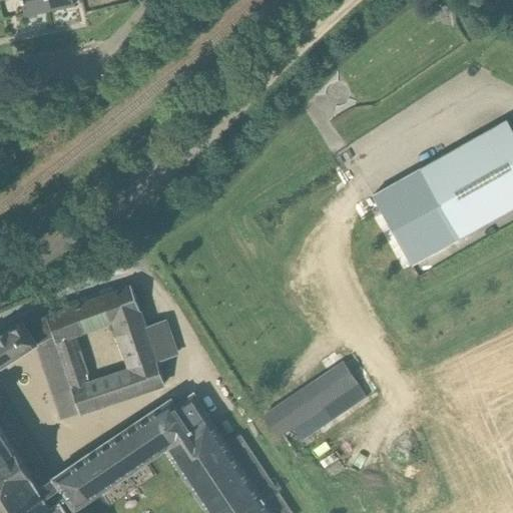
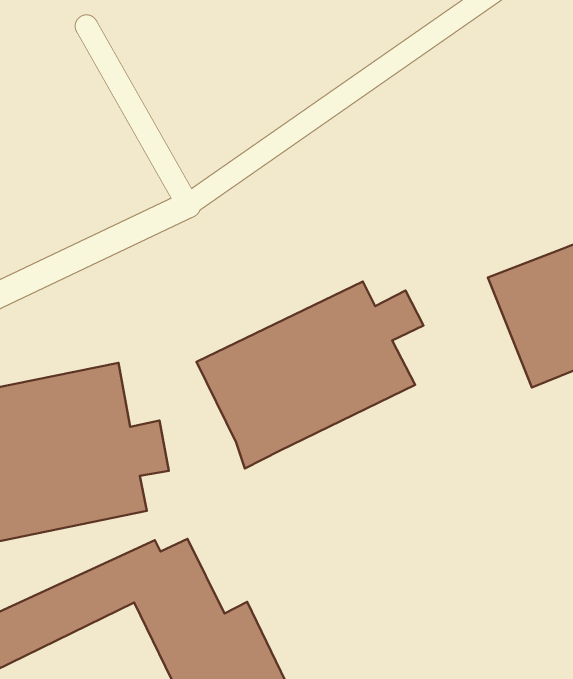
building: none -> [197,281,424,469]
building: [263,362,365,440] -> none

